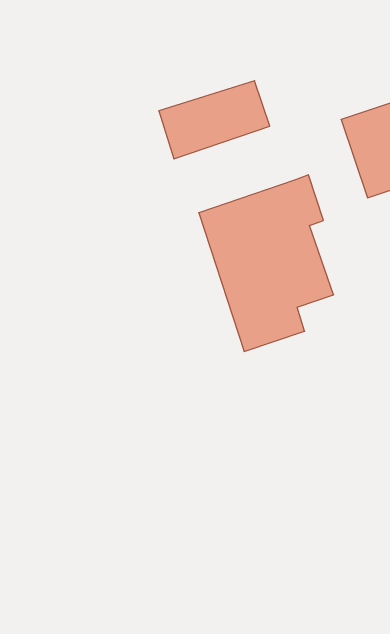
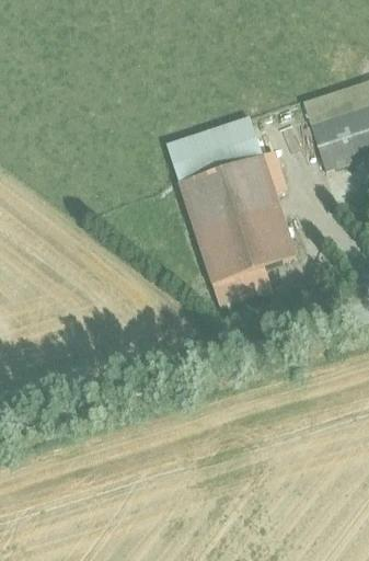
building: [159,81,270,159] -> [166,117,263,185]

